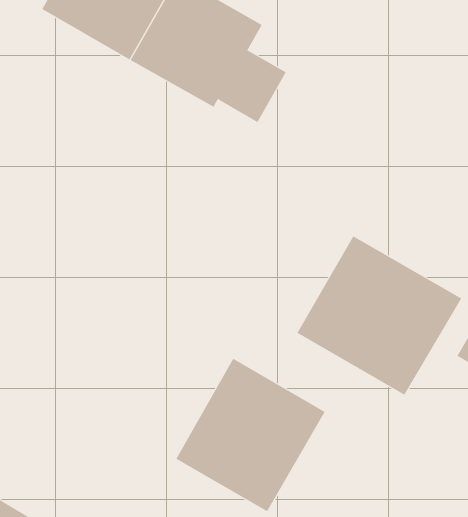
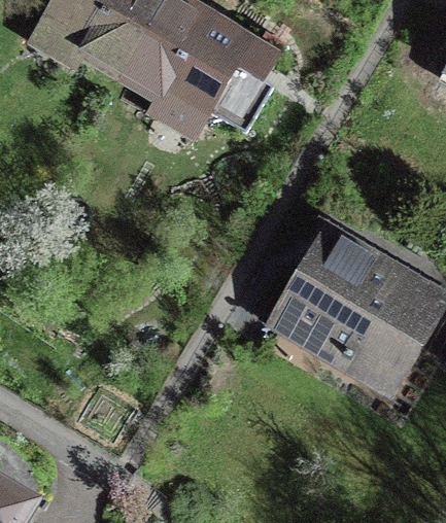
building: [175,358,325,512] -> none

